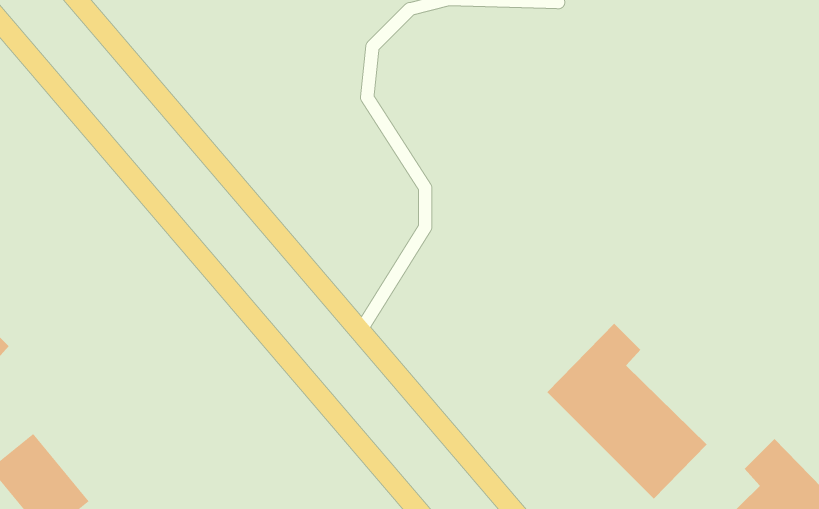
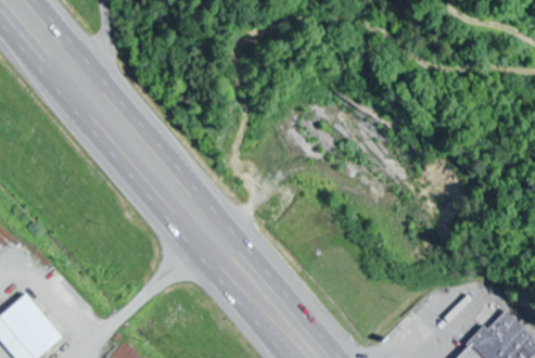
building: [546,323,707,499] -> none

